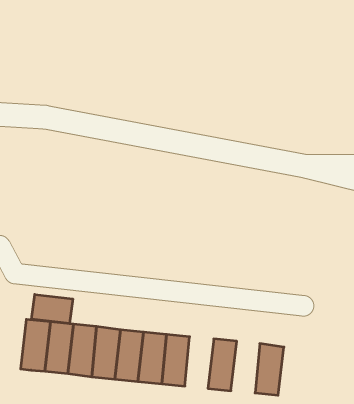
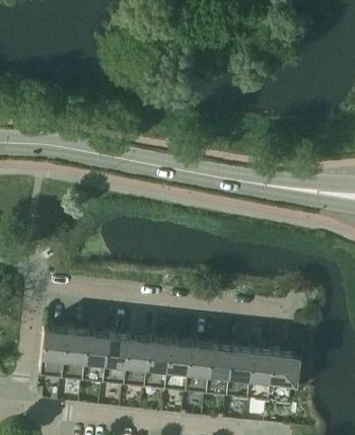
building: [32,294,73,324] -> none
building: none -> [184,339,209,384]
building: none -> [224,343,250,388]
building: none -> [266,348,291,393]

